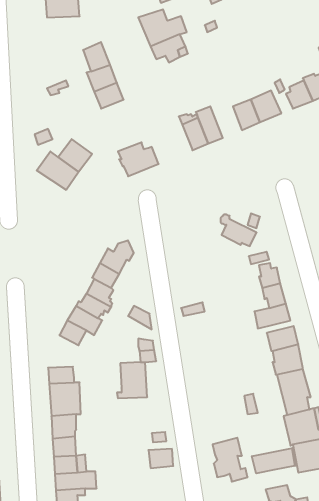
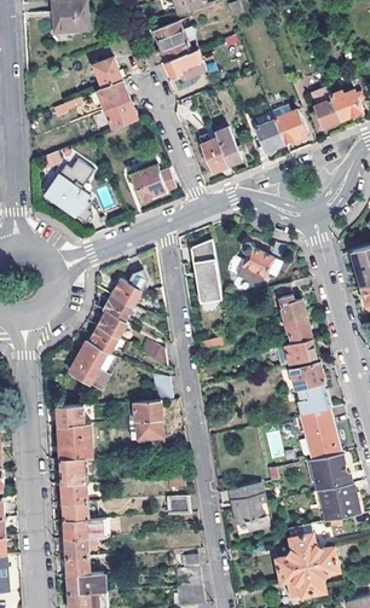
building: none -> [190,241,220,303]
building: [252,448,295,473] -> none

